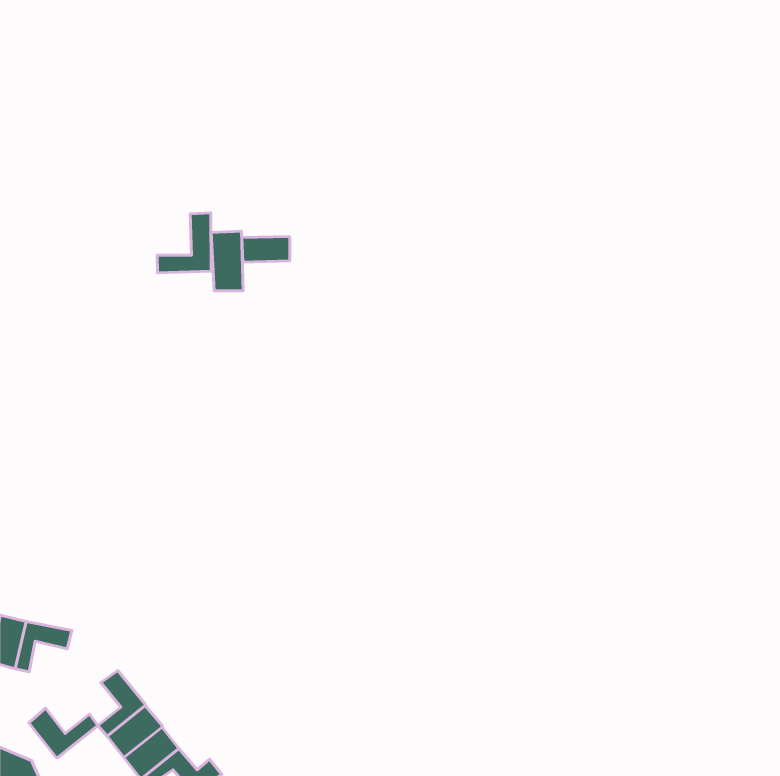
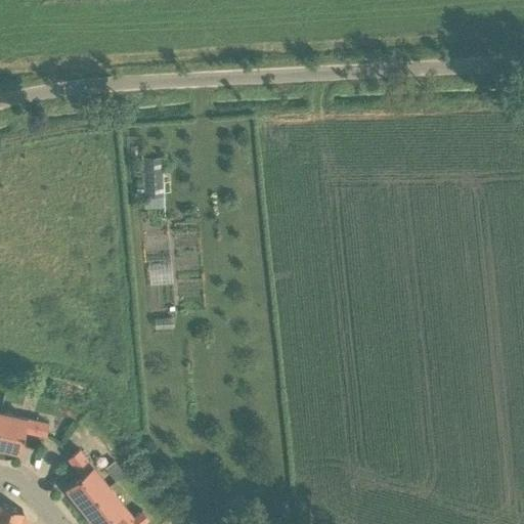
building: [157,213,211,273] -> none
building: [242,236,290,262] -> none
building: [29,708,98,758] -> none

